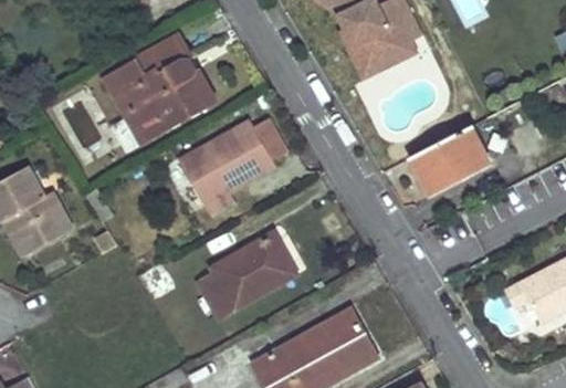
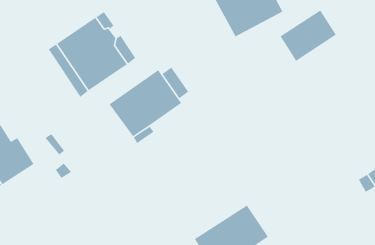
building: [412,125,490,192] -> [280,9,337,62]
building: [201,233,297,318] -> none

